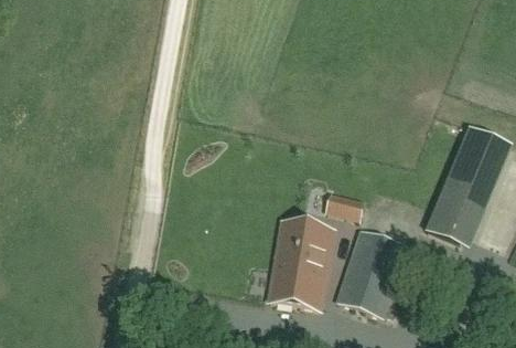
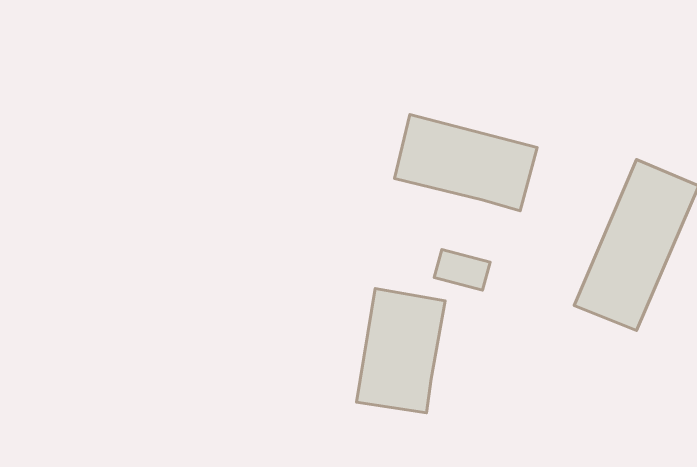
building: none -> [394,115,537,211]
building: [338,228,408,315] -> none

